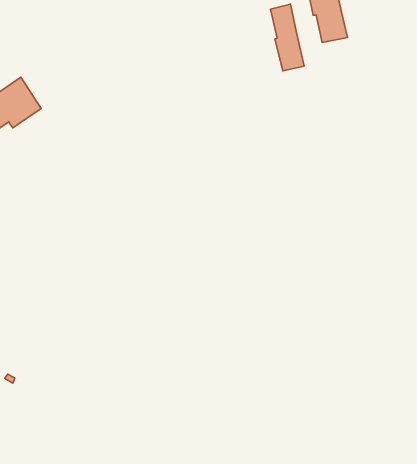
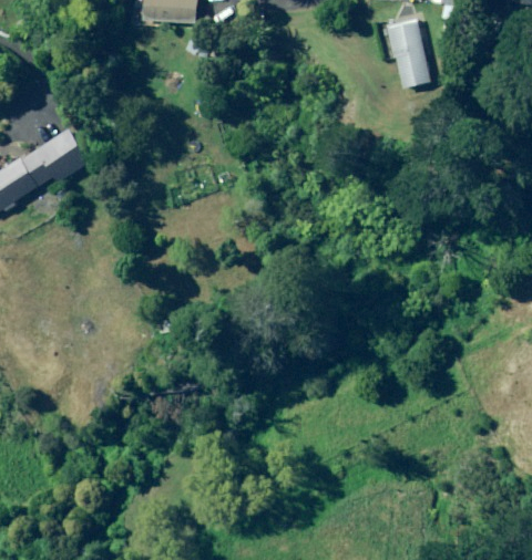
building: [271,4,304,71] -> none

